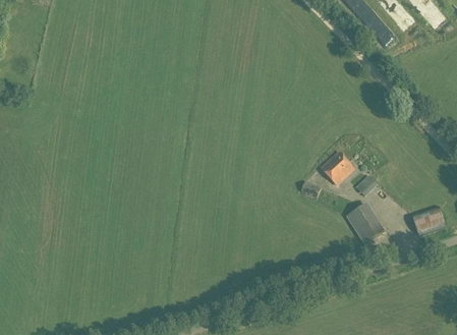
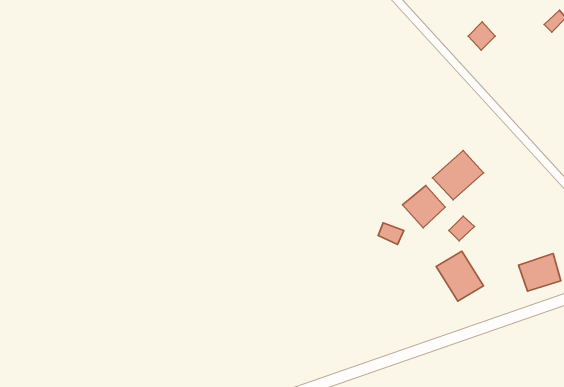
building: none -> [433,151,484,200]

